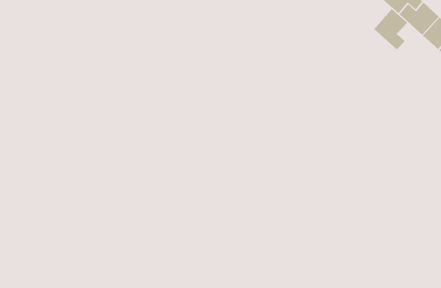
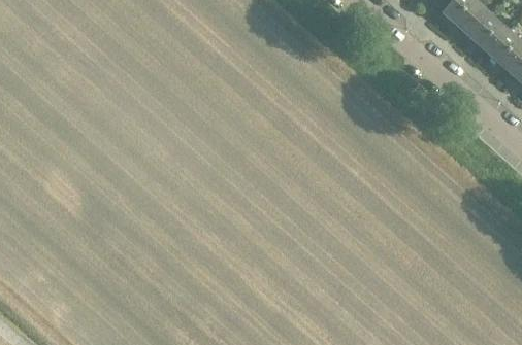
building: [373,8,408,50] -> none

